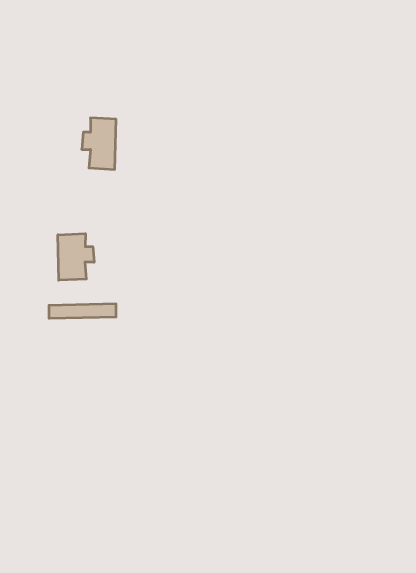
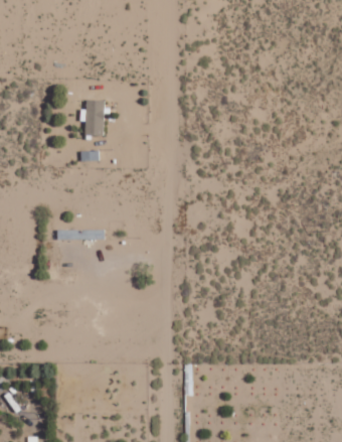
building: [58,234,94,280] -> none

